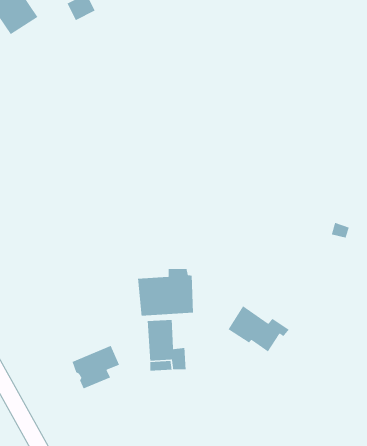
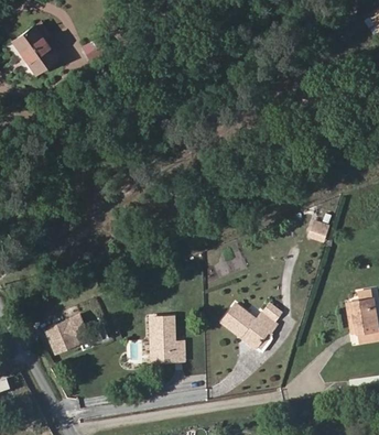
building: [137,268,194,316] -> none
building: [72,345,120,389] -> [47,314,89,352]

